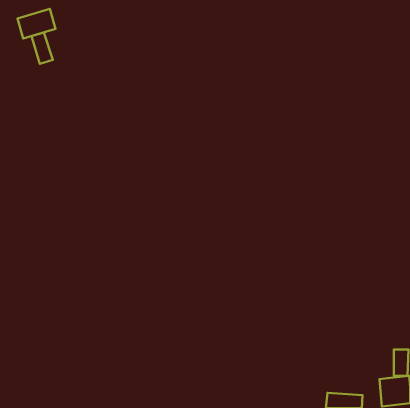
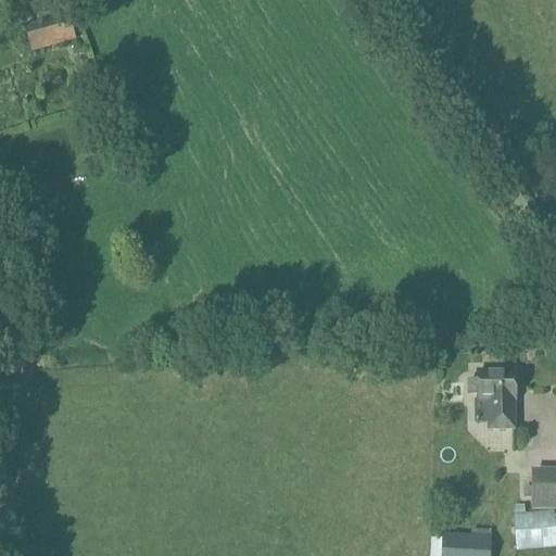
building: [31,32,53,64] -> none
building: none -> [467,371,516,430]

